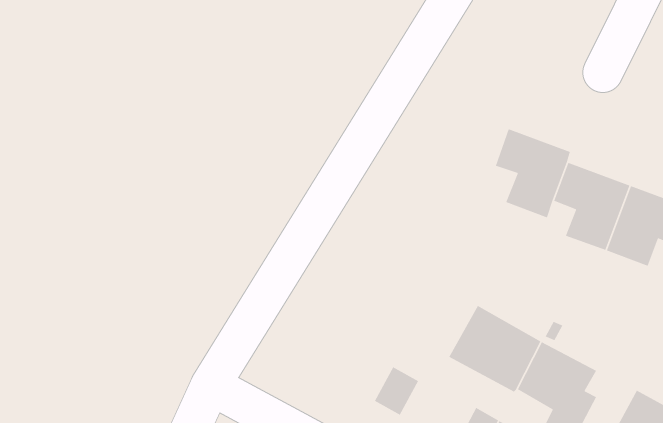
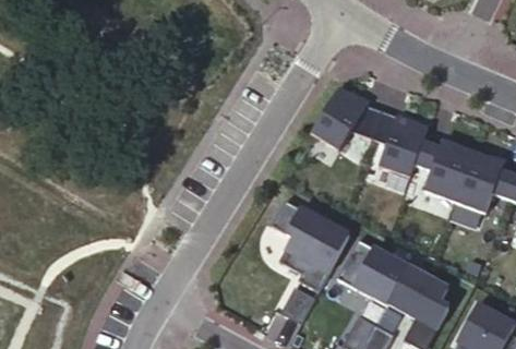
building: none -> [312,86,382,148]
building: none -> [267,198,349,290]

